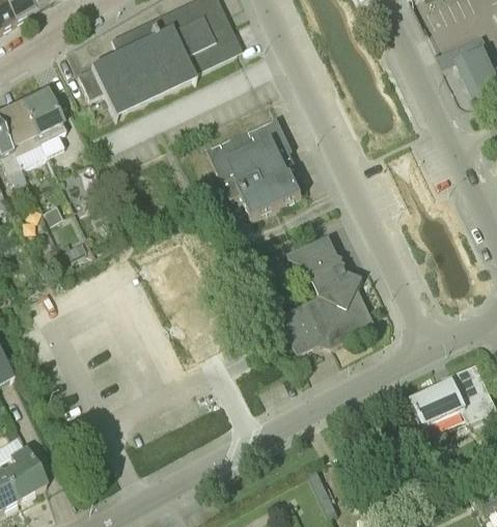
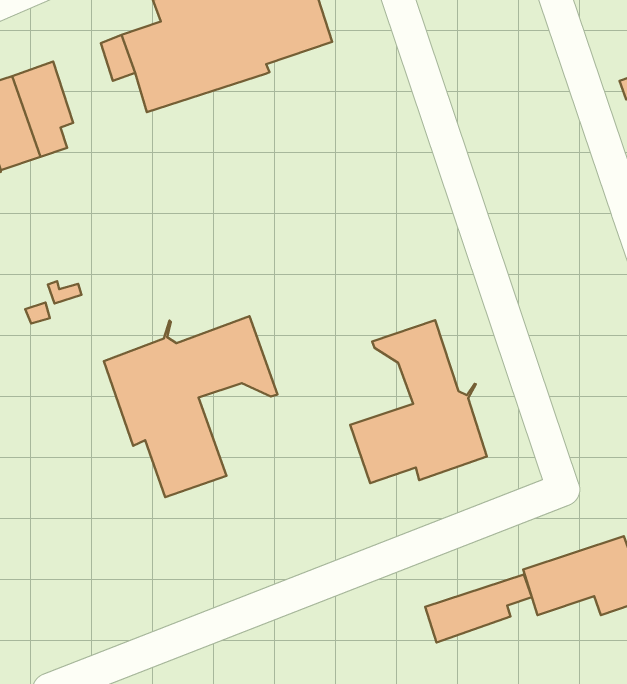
building: [208,116,302,218] -> none
building: none -> [104,316,278,497]
building: none -> [425,574,532,642]

